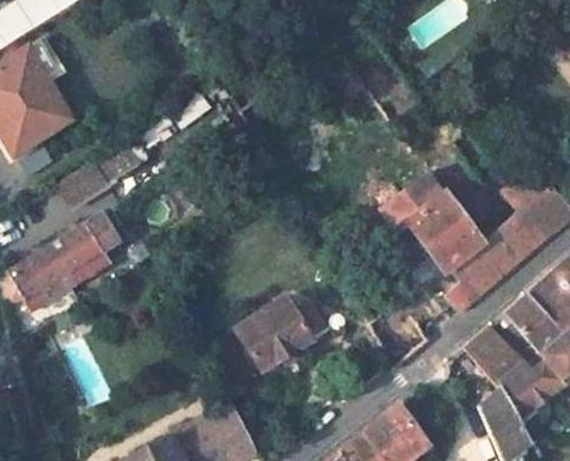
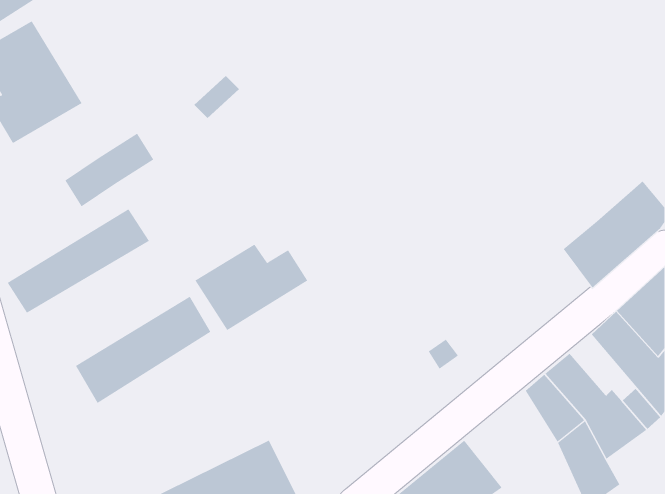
building: [380,171,507,312] -> none
building: none -> [75,296,211,404]
building: [234,296,331,370] -> [195,244,308,331]

